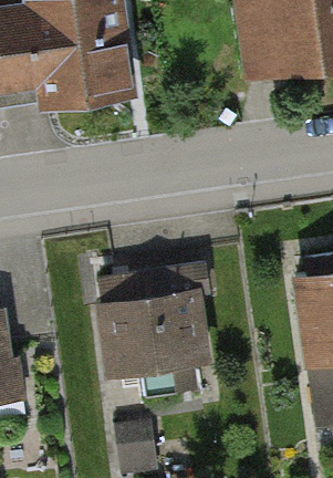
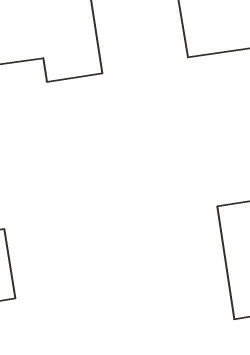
building: [95,285,207,387] -> none

